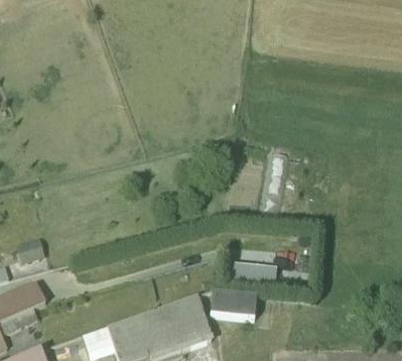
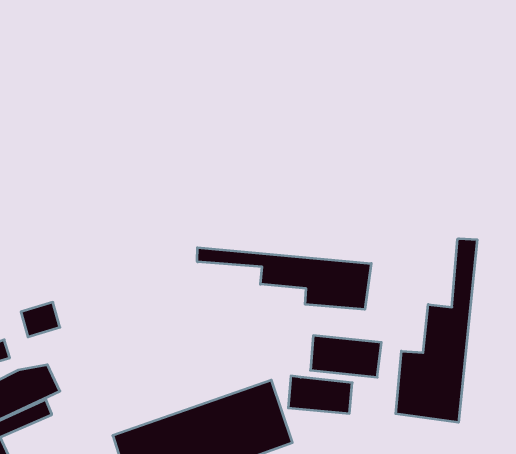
building: none -> [396,239,477,422]
building: none -> [197,248,371,309]

